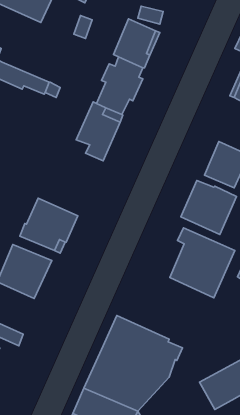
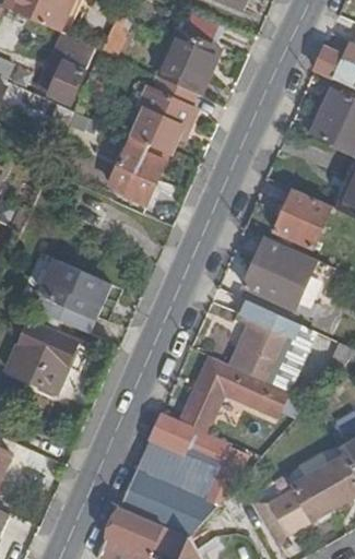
building: none -> [38,36,94,105]
building: none -> [181,356,286,431]

